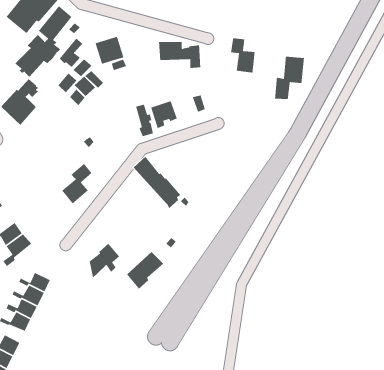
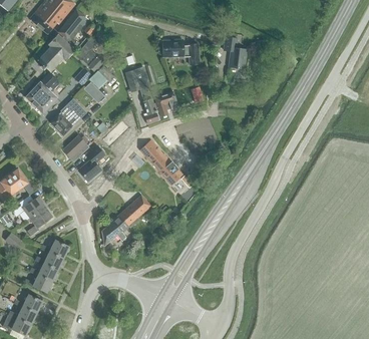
building: [94,36,125,65] -> [125,66,151,91]
building: [274,56,305,100] -> none
building: none -> [50,100,79,135]
building: none -> [63,134,89,161]
building: [126,251,164,289] -> [119,195,152,228]

